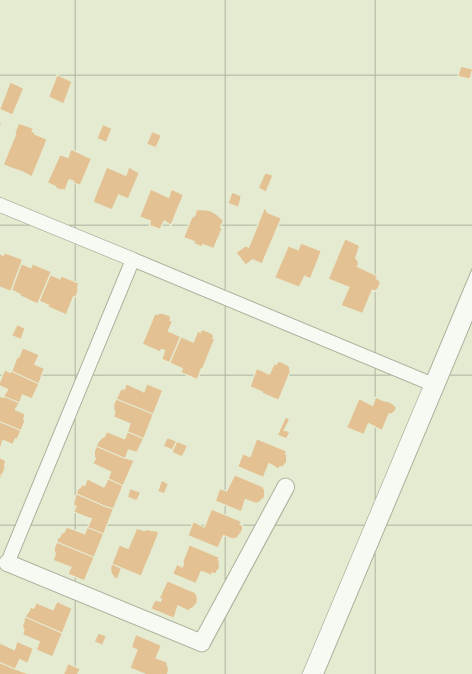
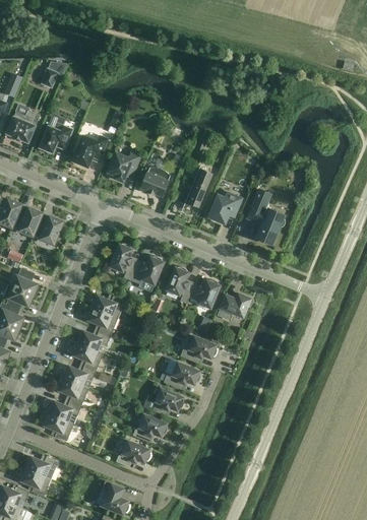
building: none -> [167,266,194,303]
building: [346,397,396,435] -> [217,292,253,320]
building: [112,528,159,576] -> none

